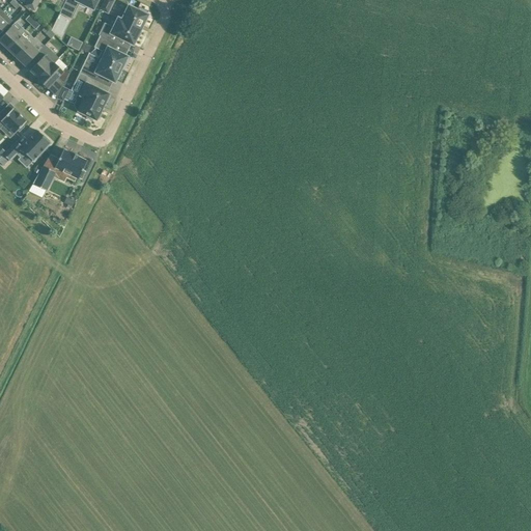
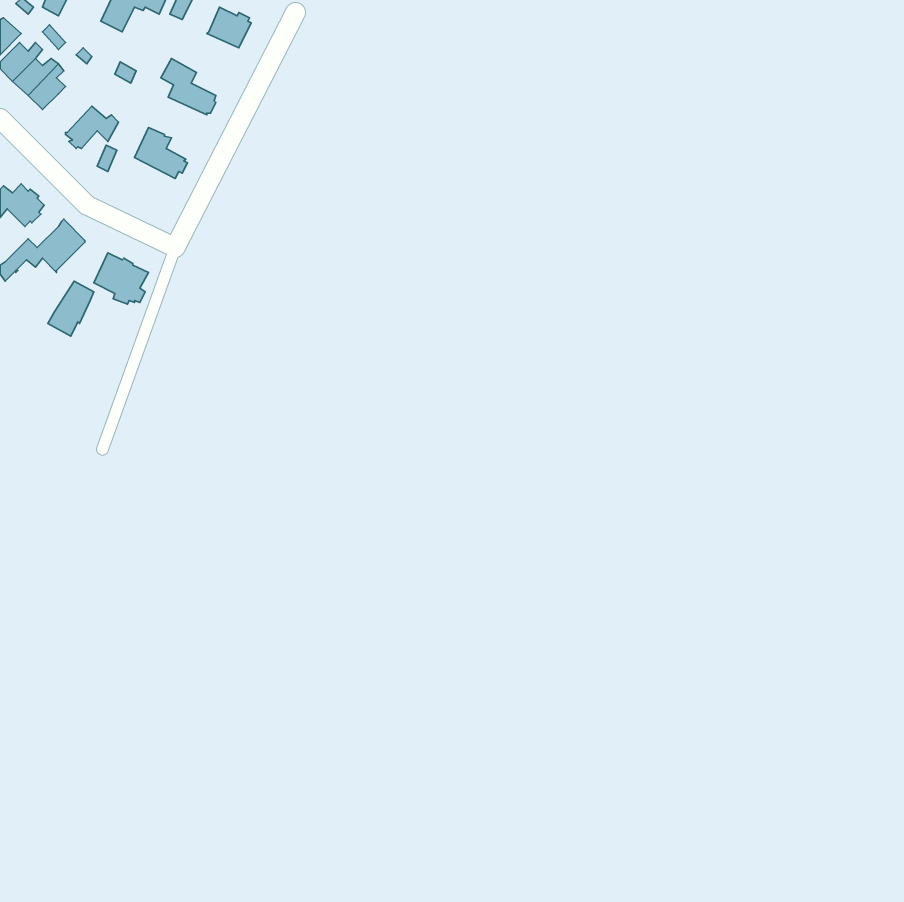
building: [100,17,141,44] -> none
building: [30,45,58,78] -> none
building: [80,57,121,81] -> none
building: [75,92,103,119] -> none

